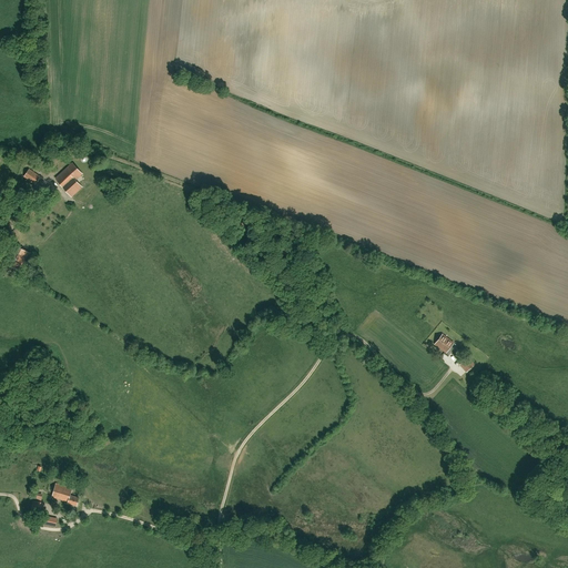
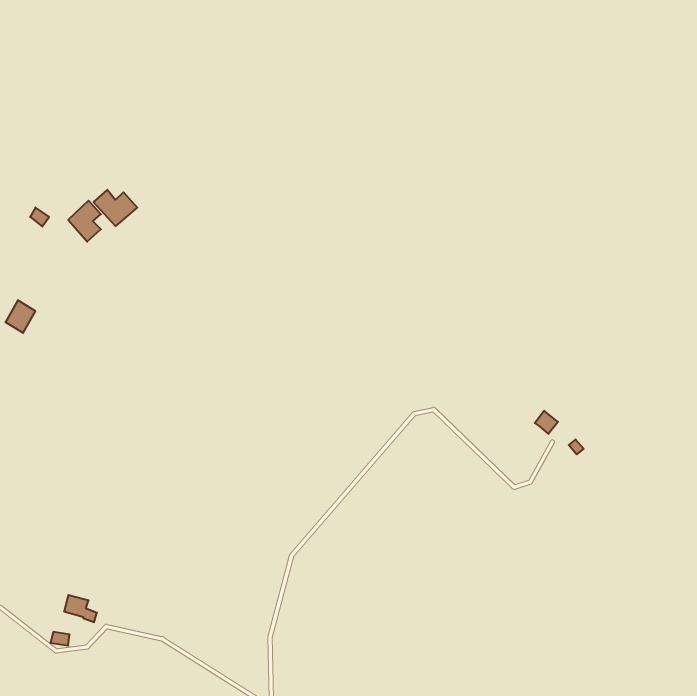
building: none -> [94,190,137,226]

